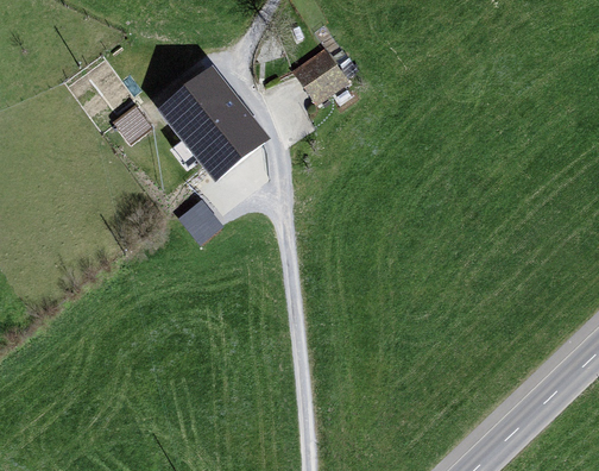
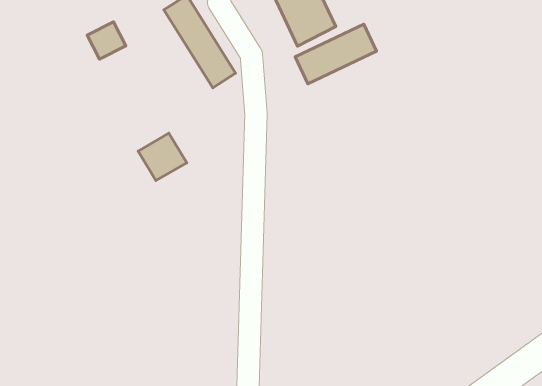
building: none -> [295,24,376,84]
building: [165,87,241,172] -> none

